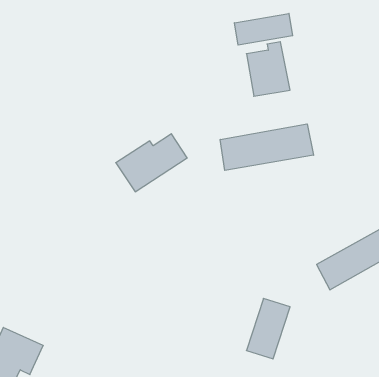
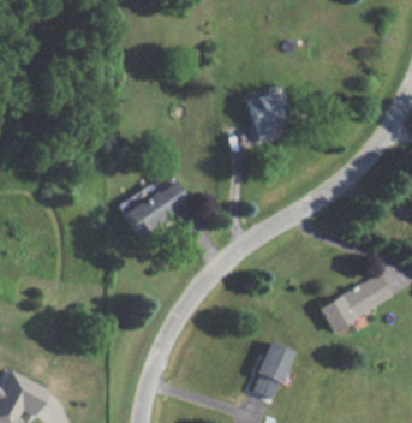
building: [234,13,293,45] -> none
building: [220,124,314,170] -> none

